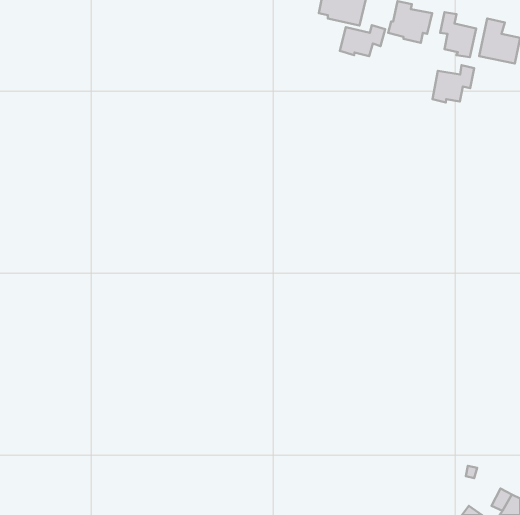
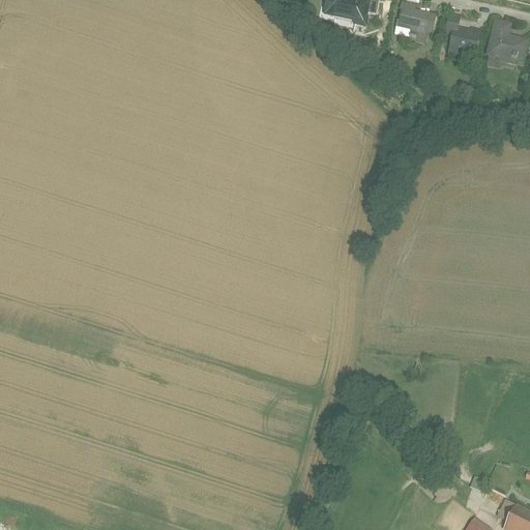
building: [340,25,385,56] -> none
building: [432,65,474,102] -> none

